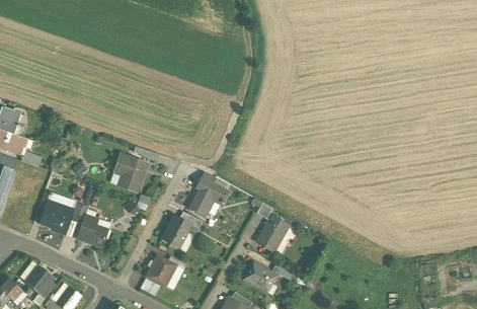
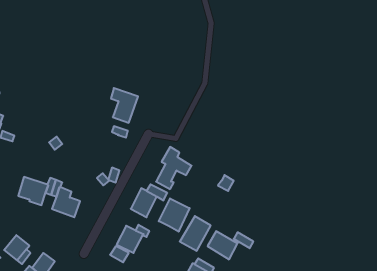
building: [116,153,146,190] -> [111,88,138,123]
building: [257,214,291,251] -> [180,216,211,251]
building: none -> [159,198,190,232]

